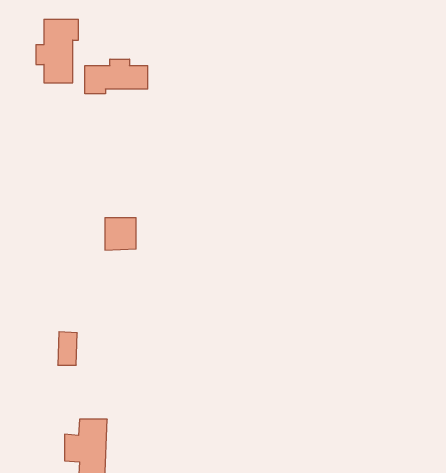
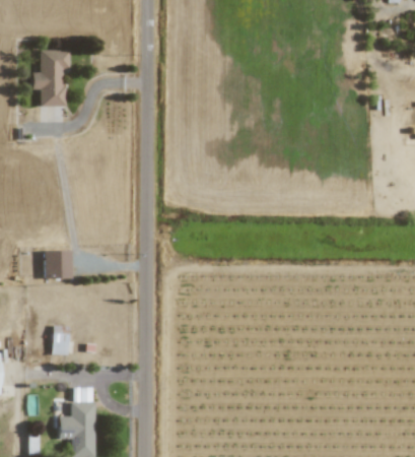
building: [85,59,148,94] -> none
building: [105,218,136,250] -> [45,250,72,278]

